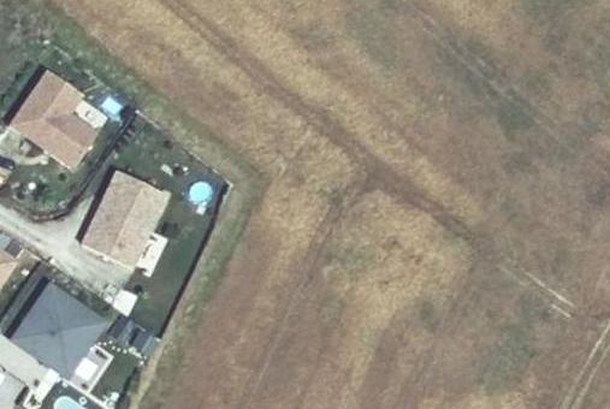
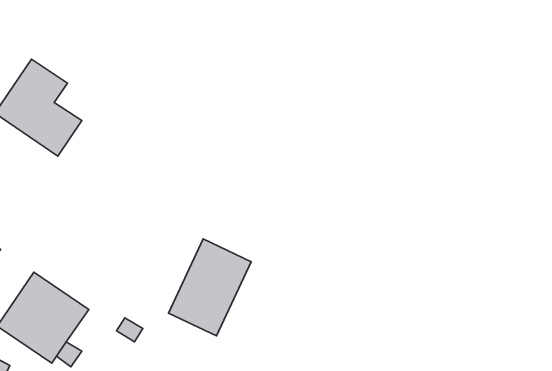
building: [82,170,165,267] -> [168,239,251,336]

